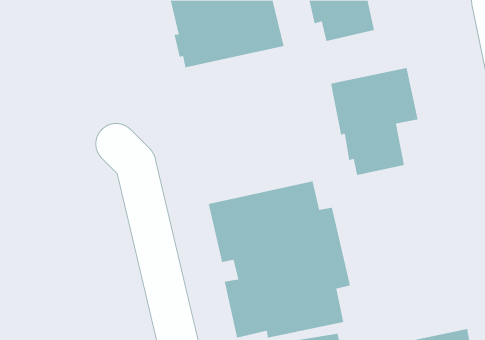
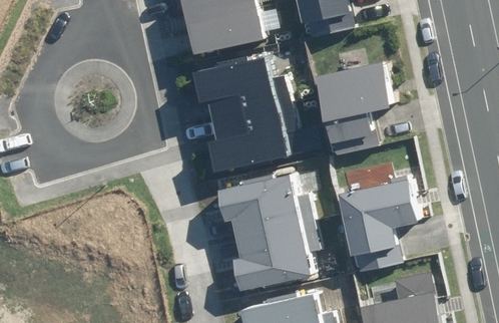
building: none -> [185,58,281,174]
building: none -> [340,177,419,254]

